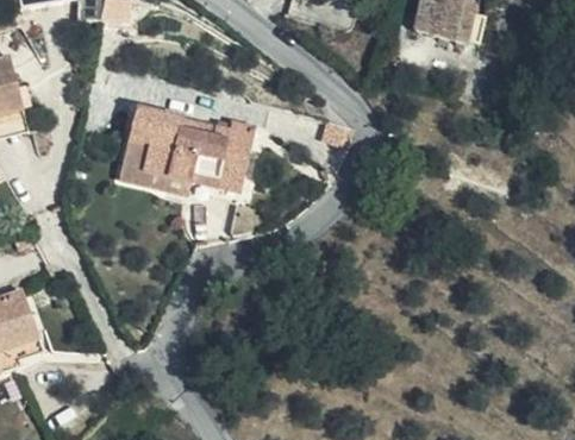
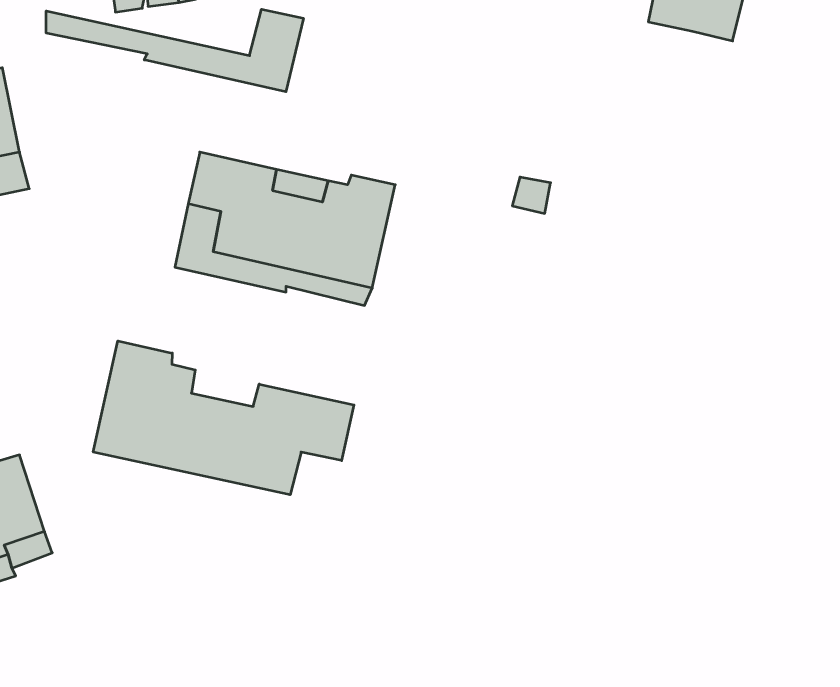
building: none -> [46,9,303,92]
building: none -> [93,341,354,495]

